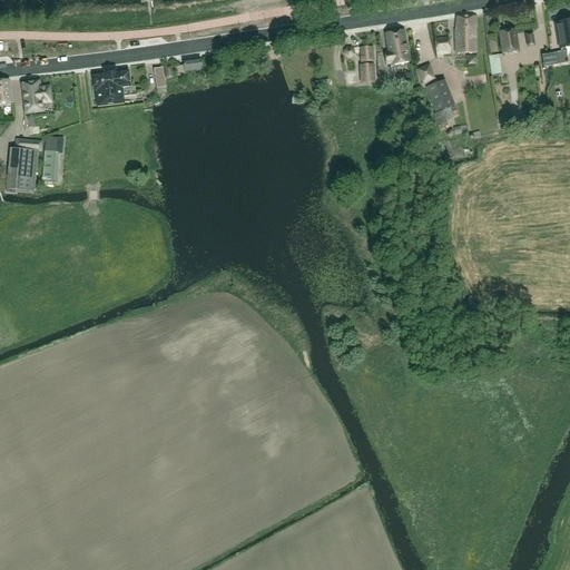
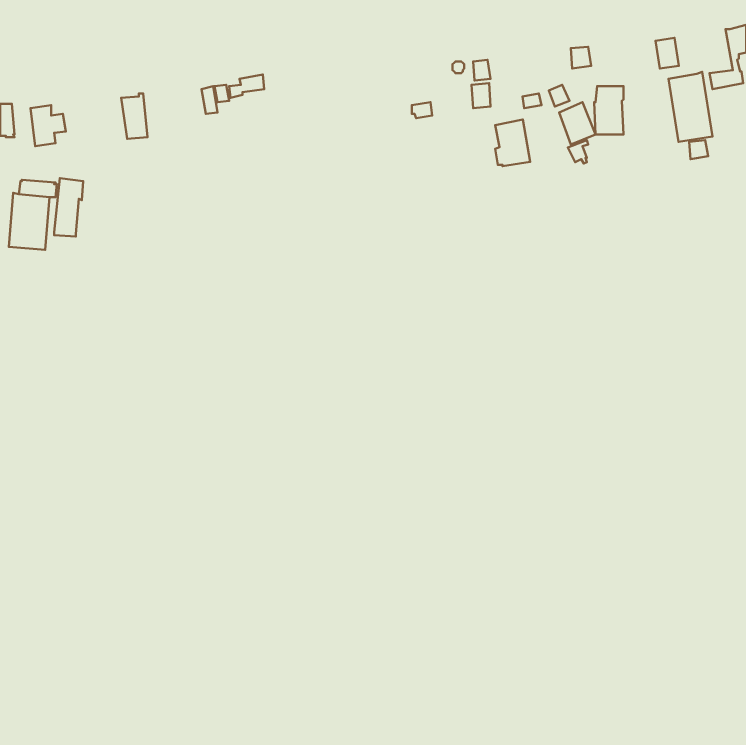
building: [454,16,476,52] -> [594,86,623,134]
building: [384,29,411,65] -> [495,119,530,166]
building: none -> [669,72,712,142]
building: [109,70,130,105] -> none

